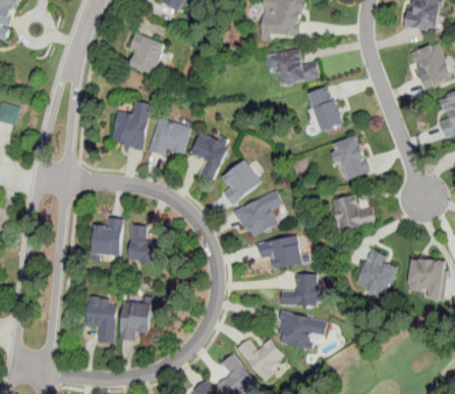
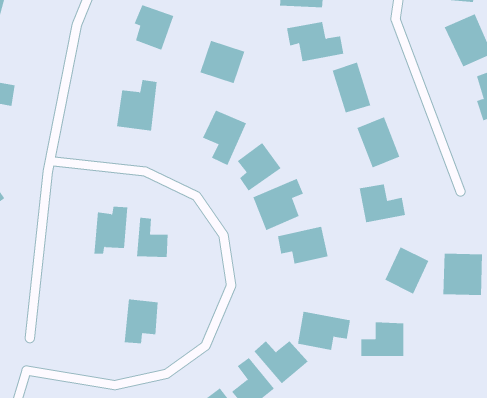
building: [149,117,190,157] -> [199,40,245,84]
building: [281,273,321,304] -> [360,322,404,357]
building: [86,297,115,342] -> none

